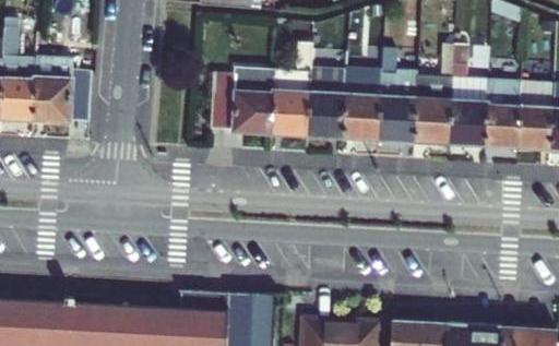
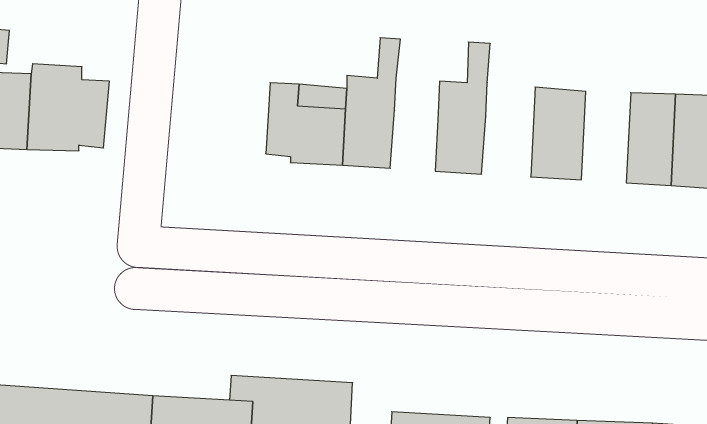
building: [372,40,413,141] -> none
building: [448,45,485,145] -> none
building: [304,67,341,136] -> none

